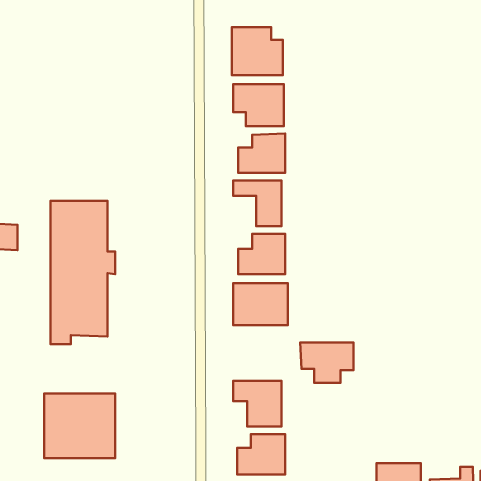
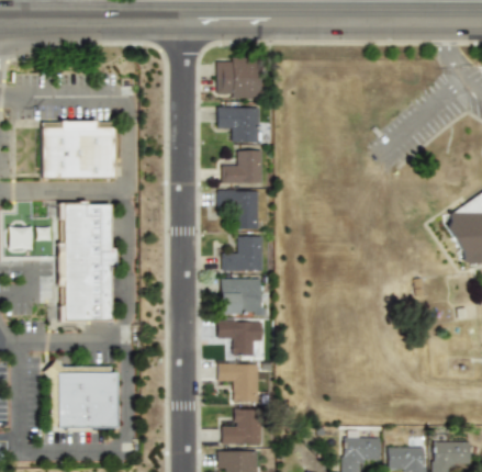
building: none -> [43,128,114,180]
building: [300,342,353,383] -> [217,321,264,356]

